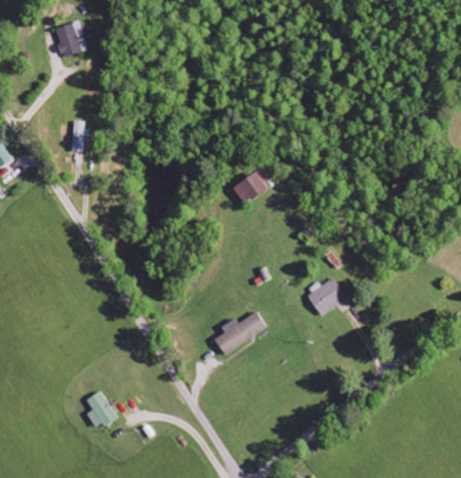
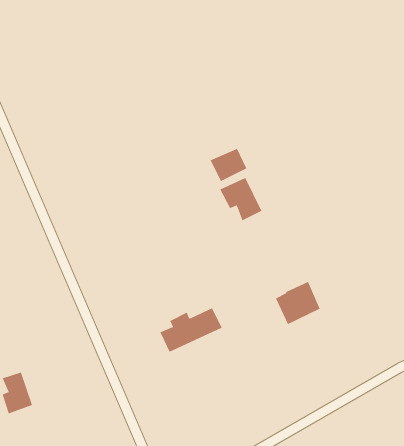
building: [72,121,92,152] -> none
building: none -> [219,177,262,221]

